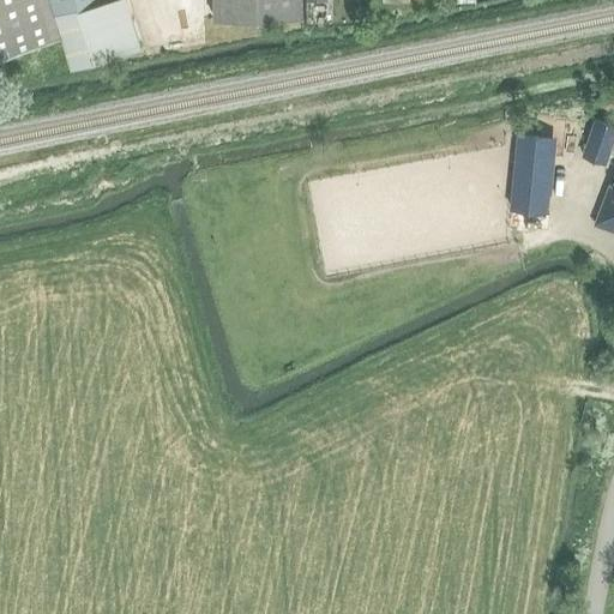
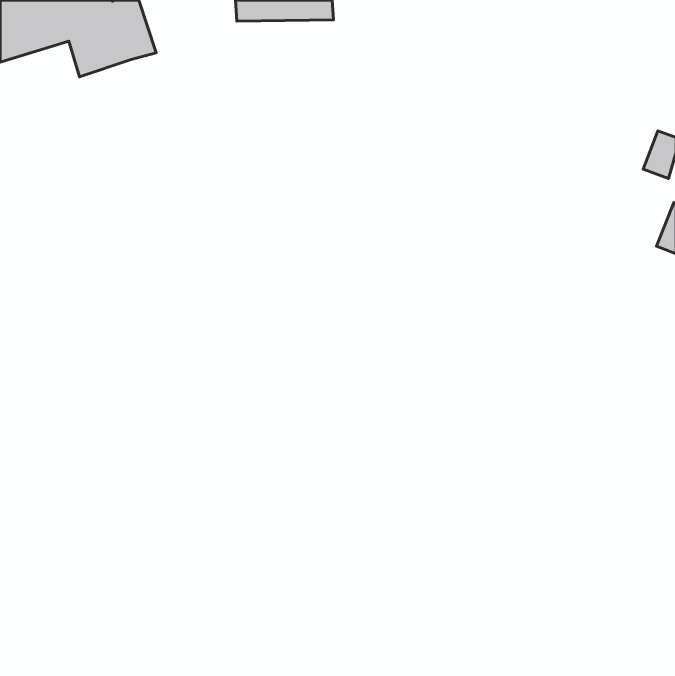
building: [511,131,552,209] -> none

